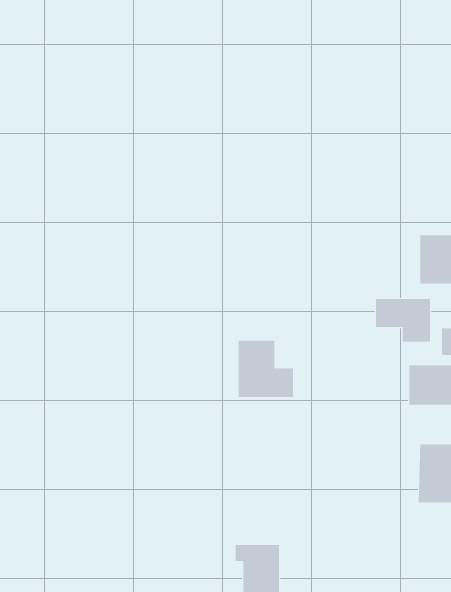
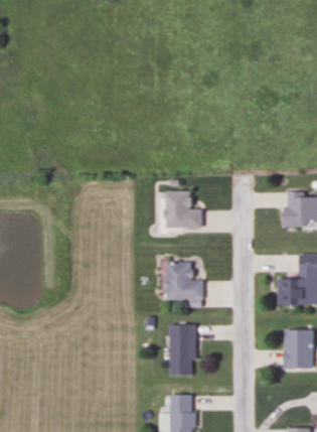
building: none -> [163,191,201,228]
building: [375,298,430,343] -> none
building: none -> [170,324,194,376]

